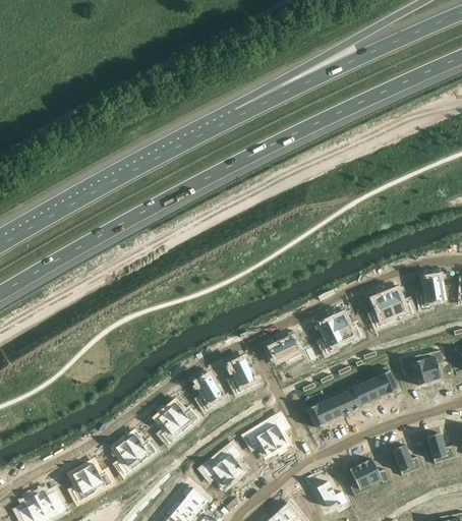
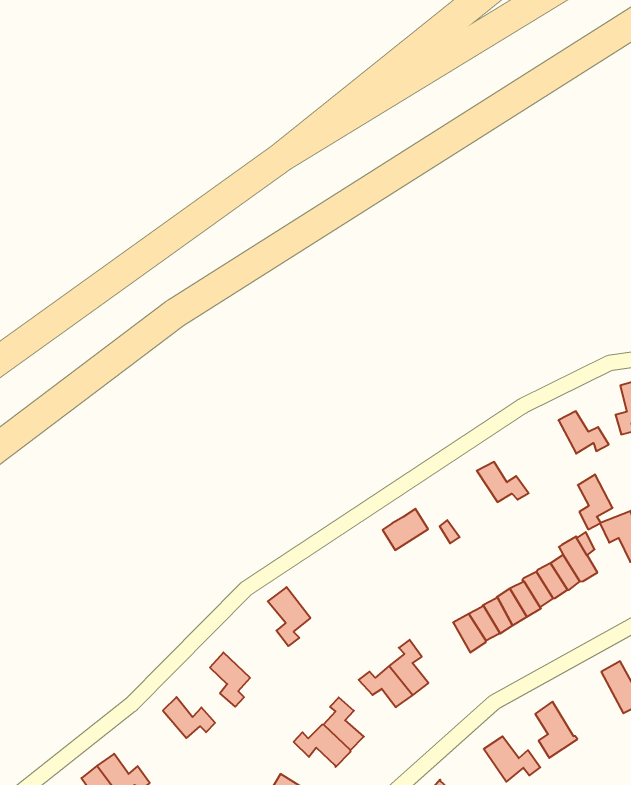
building: [371,294,392,327] -> [578,474,613,529]
building: [320,319,341,353] -> none
building: [230,358,253,393] -> none
building: [165,402,197,426] -> none
building: [113,440,137,474] -> none
building: [359,458,389,485] -> none

